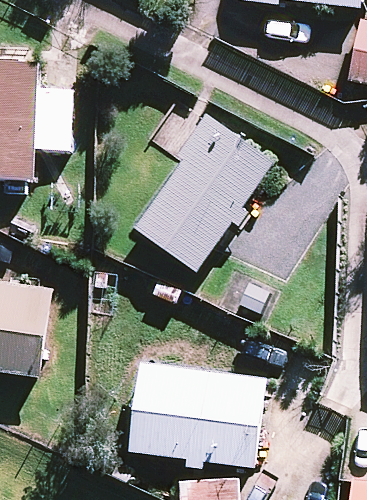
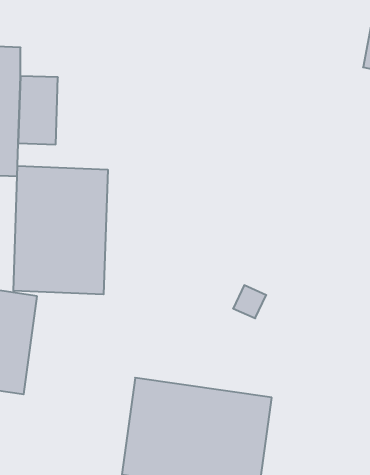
building: [134,114,273,271] -> none
building: none -> [13,166,108,294]

